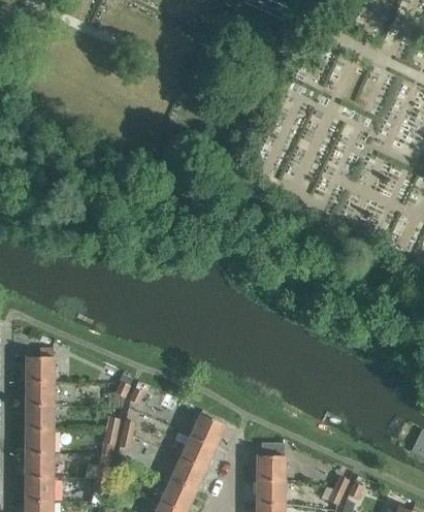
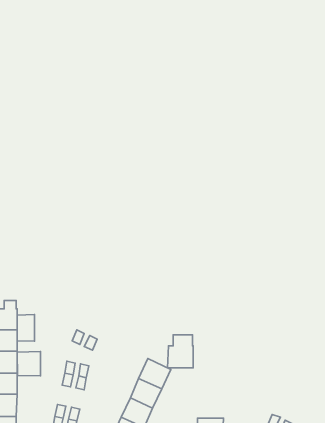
building: none -> [17,315,34,341]
building: none -> [17,351,40,376]
building: [256,445,285,482] -> [168,335,193,368]

